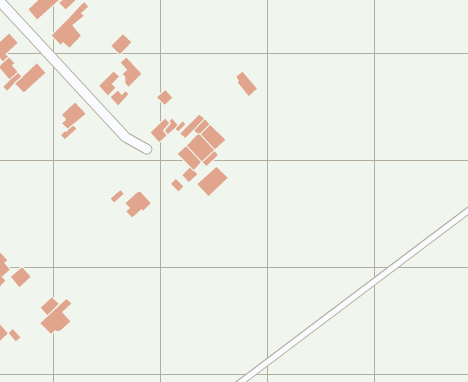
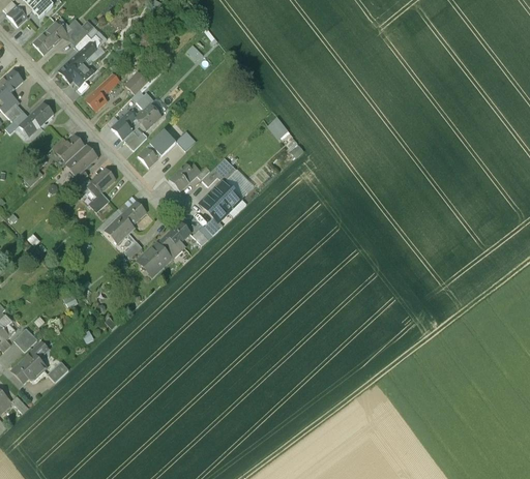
building: none -> [86,73,120,112]
building: none -> [138,129,175,167]
building: none -> [53,136,84,162]
building: none -> [85,168,114,211]
building: none -> [105,202,145,243]
building: [196,166,228,197] -> none
building: none -> [158,221,189,258]
building: [40,298,72,334] -> [10,341,47,382]

